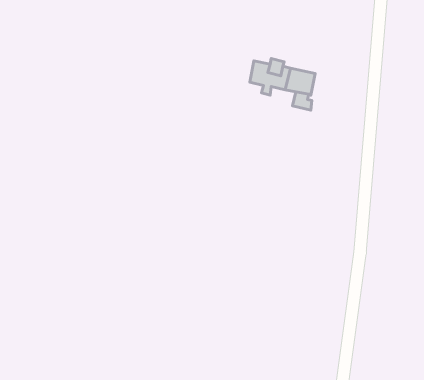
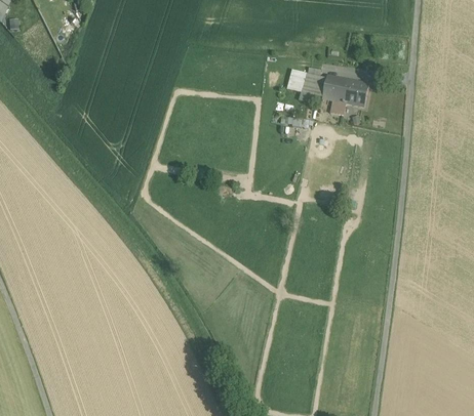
building: none -> [347,80,368,103]

